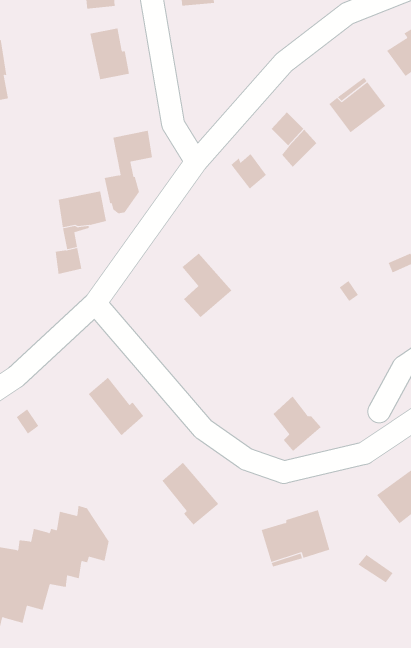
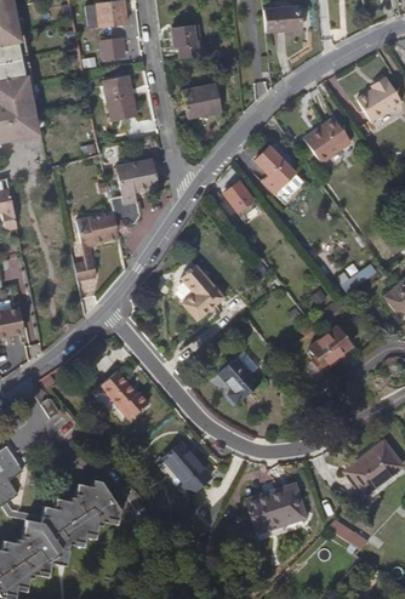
building: none -> [184,84,223,116]
building: none -> [309,327,352,372]
building: [273,395,322,452] -> [219,358,261,405]

